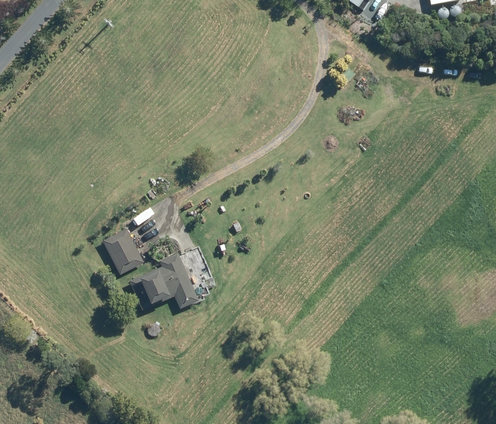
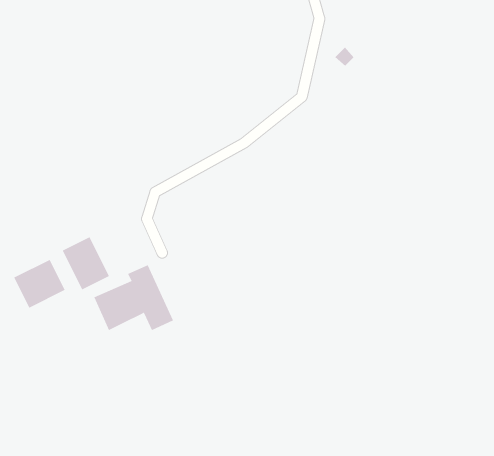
building: none -> [13,259,65,308]

